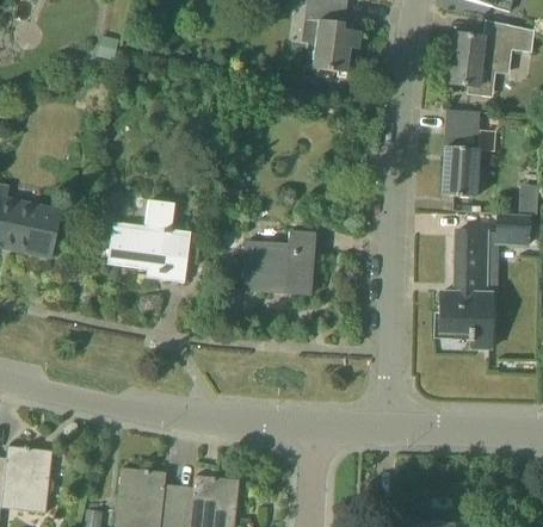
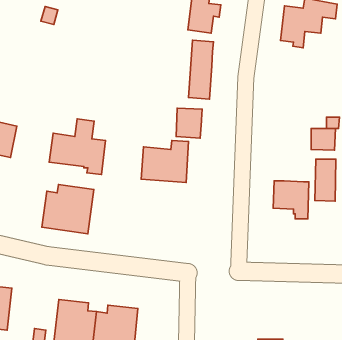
building: [443,110,480,197] -> [188,40,213,99]
building: none -> [176,108,202,138]
building: [455,230,486,292] -> [315,159,336,201]
building: none -> [42,185,94,234]

